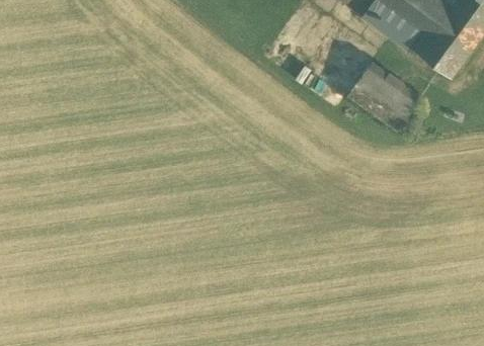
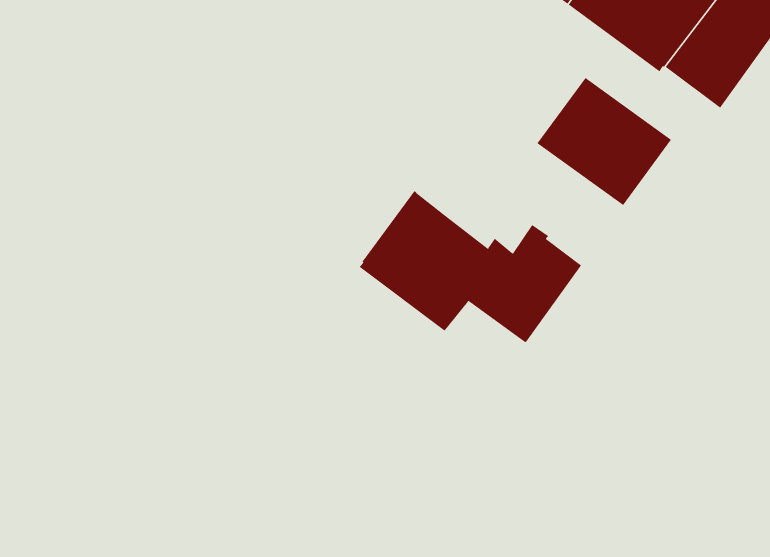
building: none -> [359,190,582,343]

